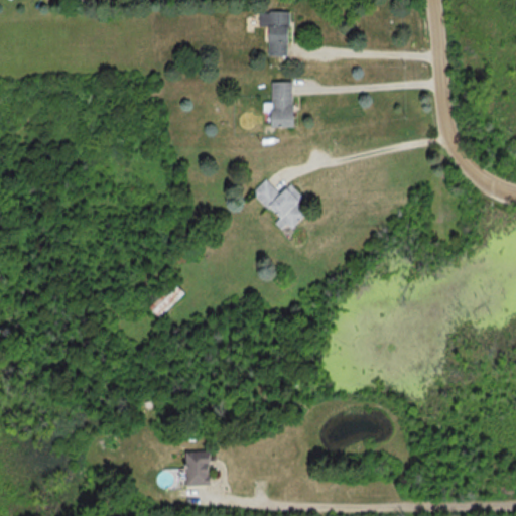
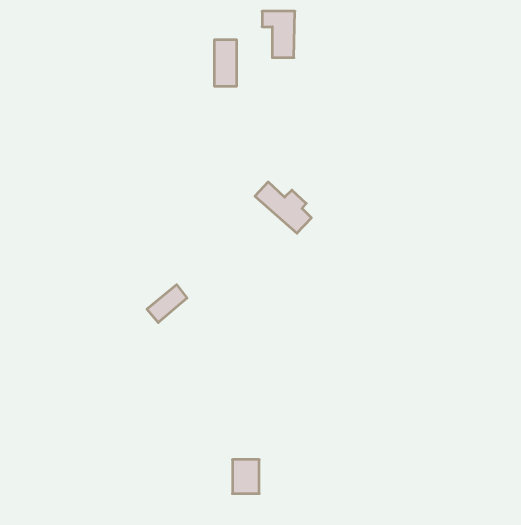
building: [272,82,294,127] -> [214,40,237,86]
building: [186,452,213,485] -> [232,460,259,494]

